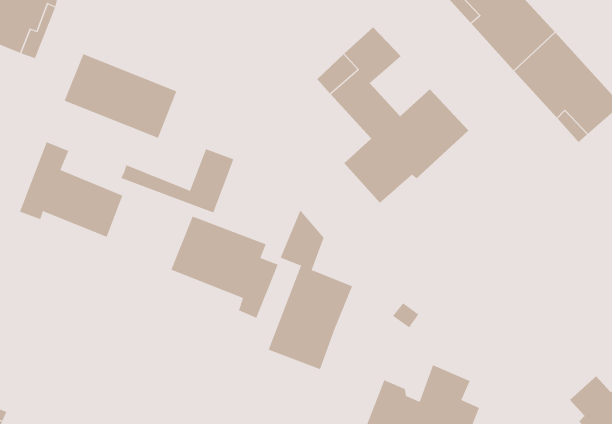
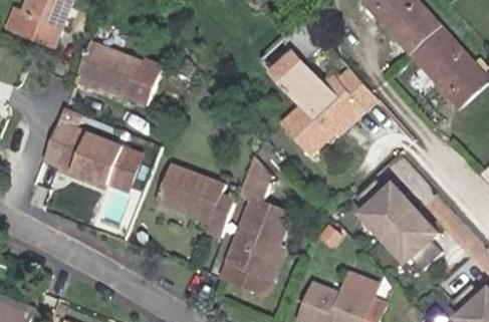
building: [121,148,234,213] -> [56,147,141,196]
building: none -> [355,176,442,267]
building: none -> [222,247,283,294]

